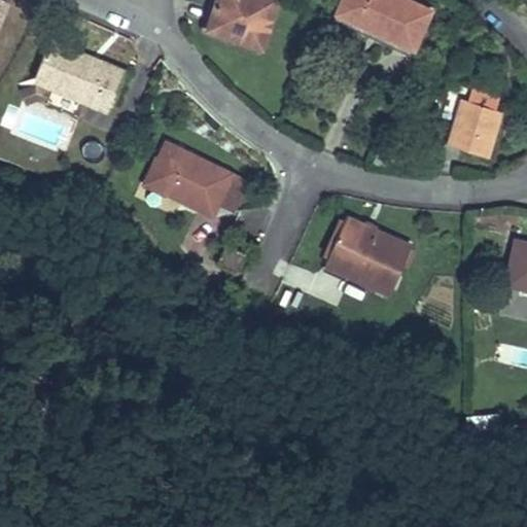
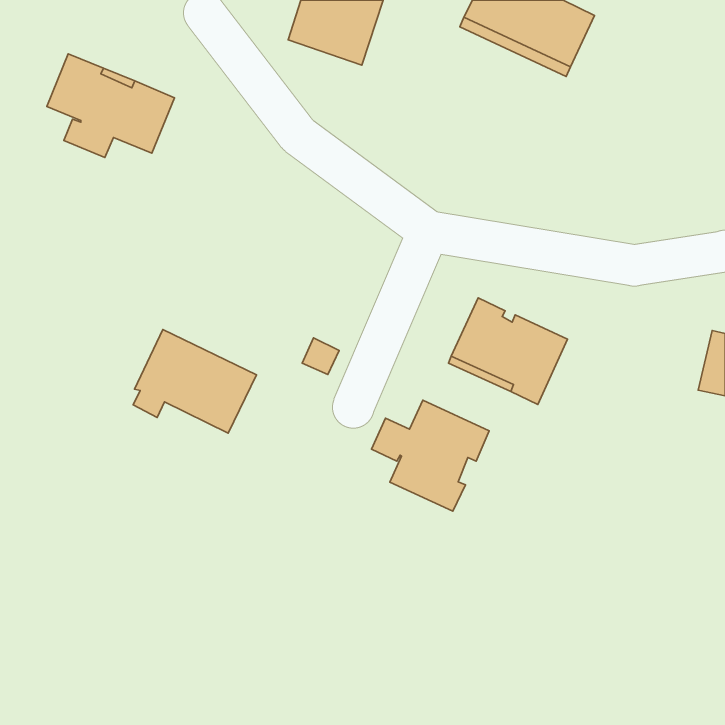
building: [447,98,503,157] -> none
building: [145,141,235,216] -> [133,329,257,433]
building: none -> [371,400,489,511]

